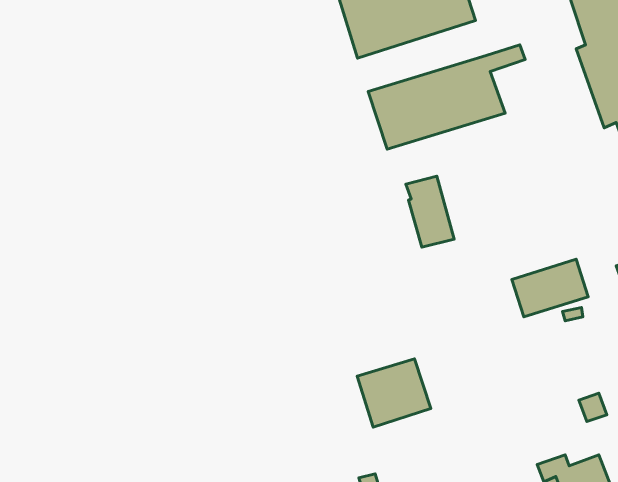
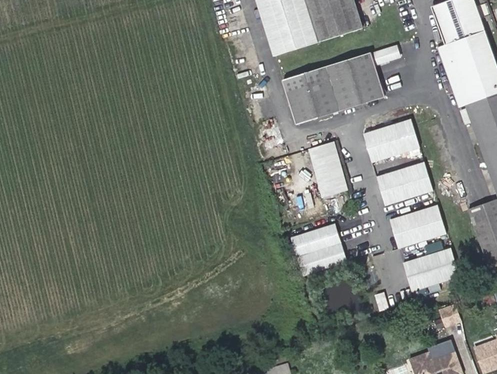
building: none -> [362,119,419,162]
building: none -> [376,162,432,206]
building: none -> [402,248,459,291]
building: [357,359,431,427] -> [292,224,347,275]

